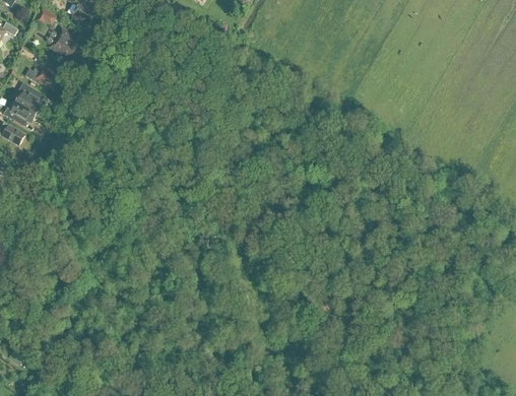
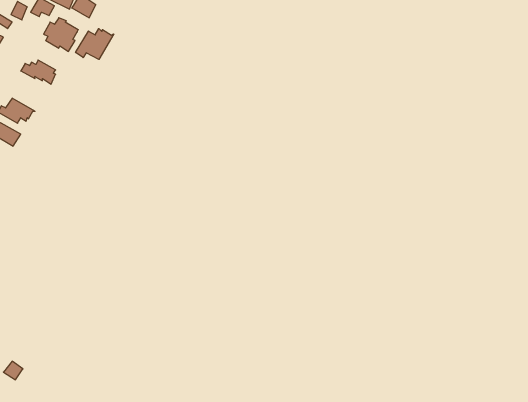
building: none -> [76,29,114,59]
building: [17,82,44,112] -> none

